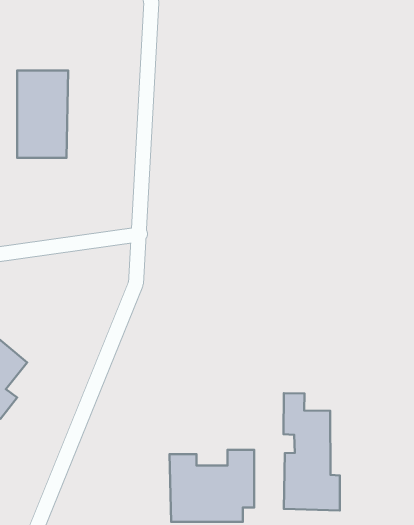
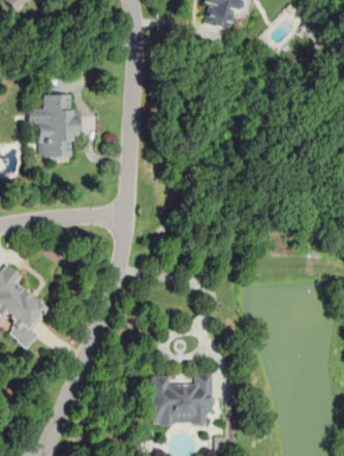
building: [284,393,340,511] -> none

